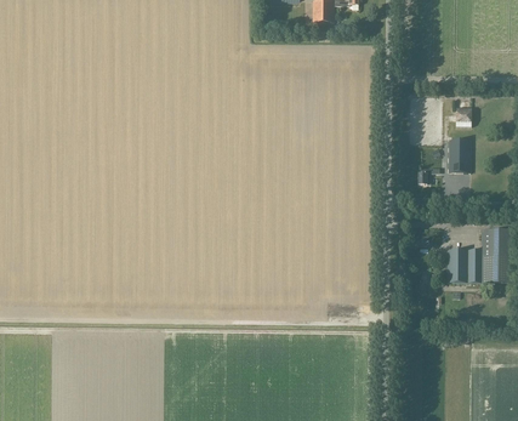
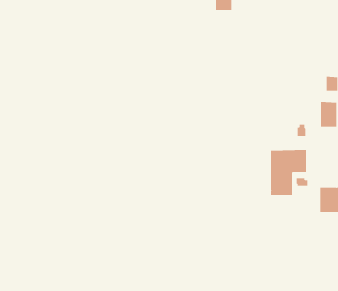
building: none -> [271,149,307,196]

